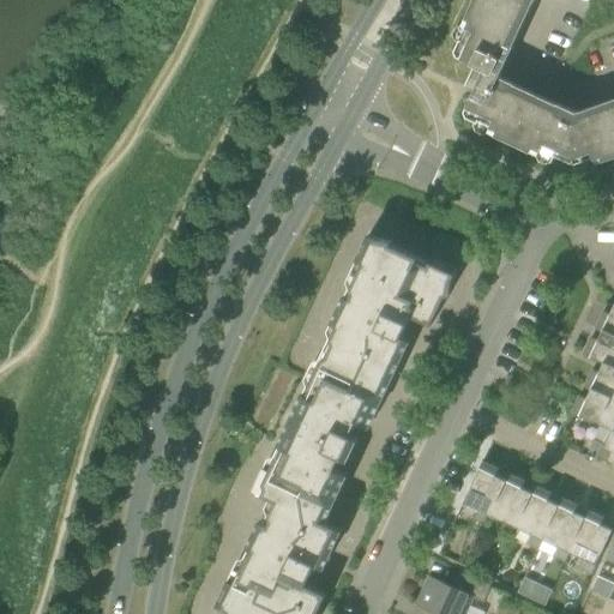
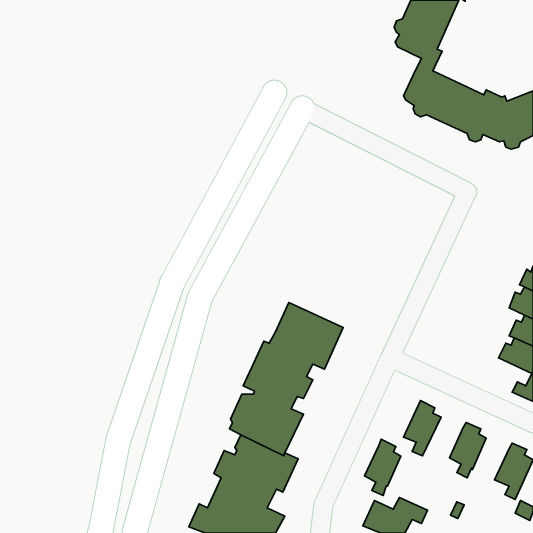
building: [332,234,458,377] -> none
building: [490,472,532,537] -> [364,439,401,496]
building: [543,498,585,561] -> none

